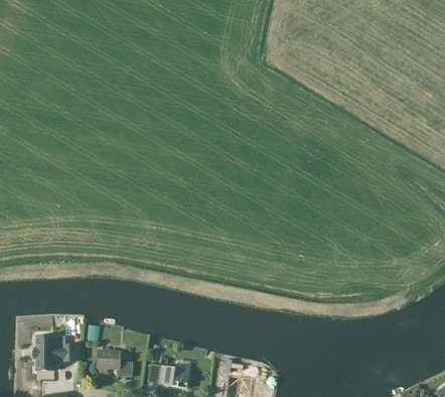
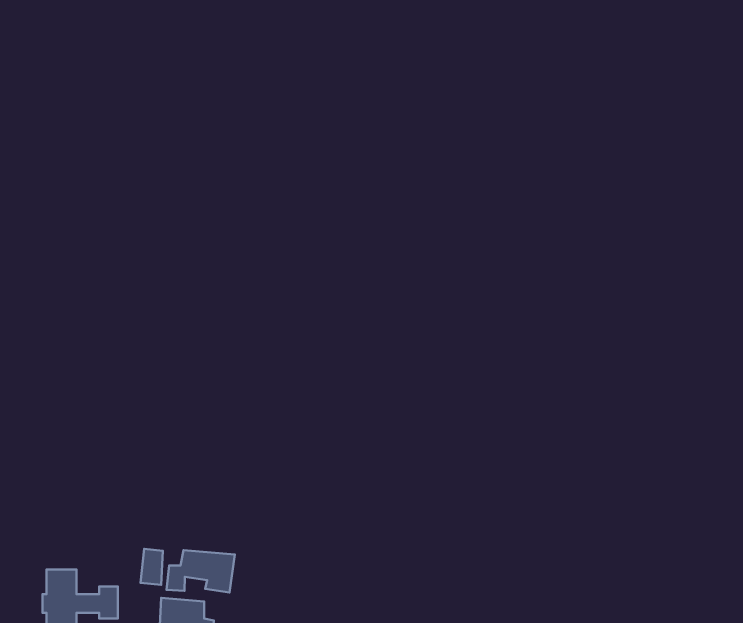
building: none -> [166,550,235,593]

